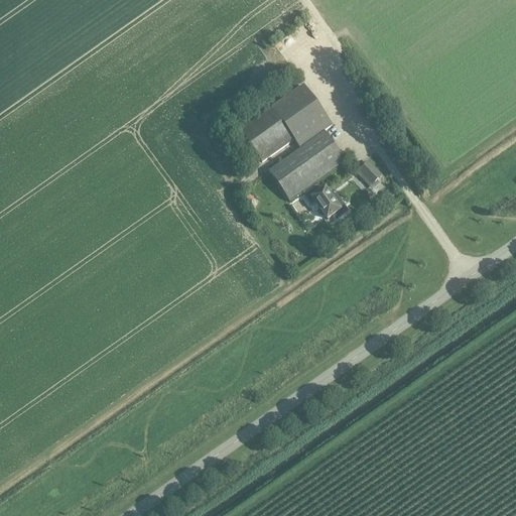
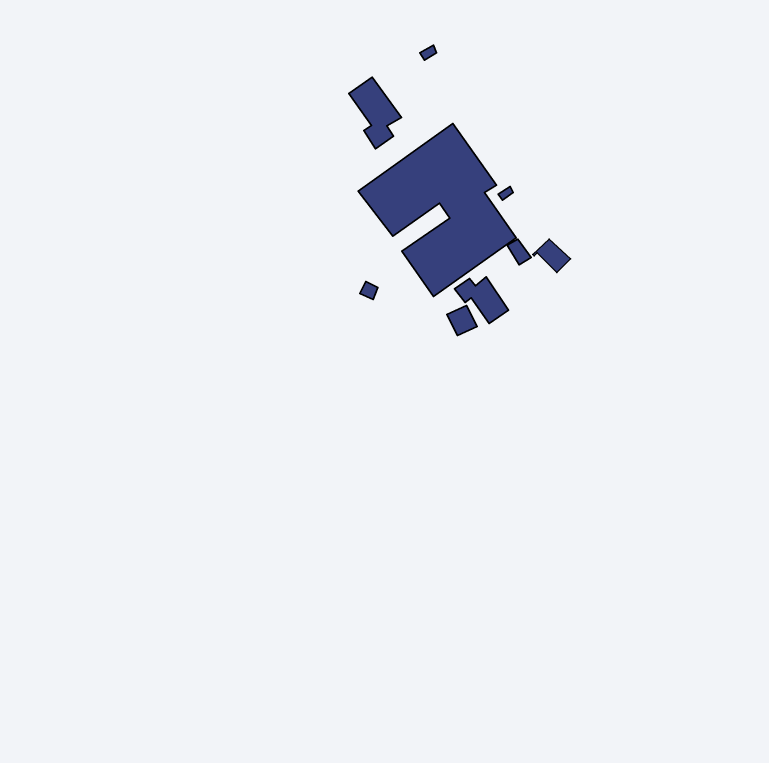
building: none -> [349,77,401,149]

